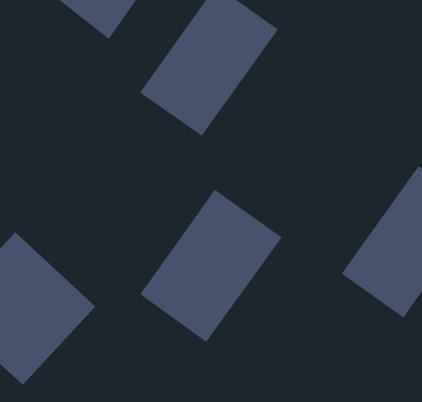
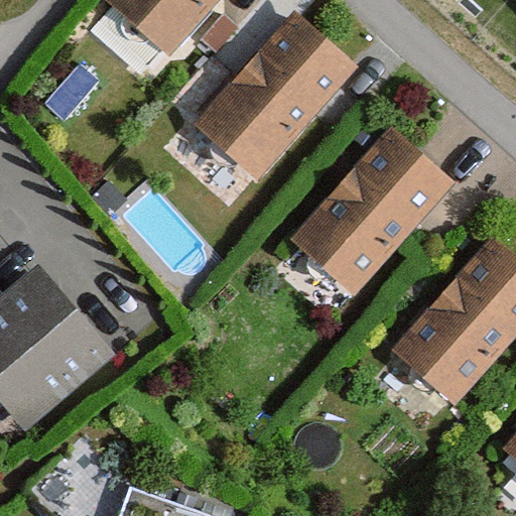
building: none -> [288,126,450,291]
building: [139,189,283,343] -> none

